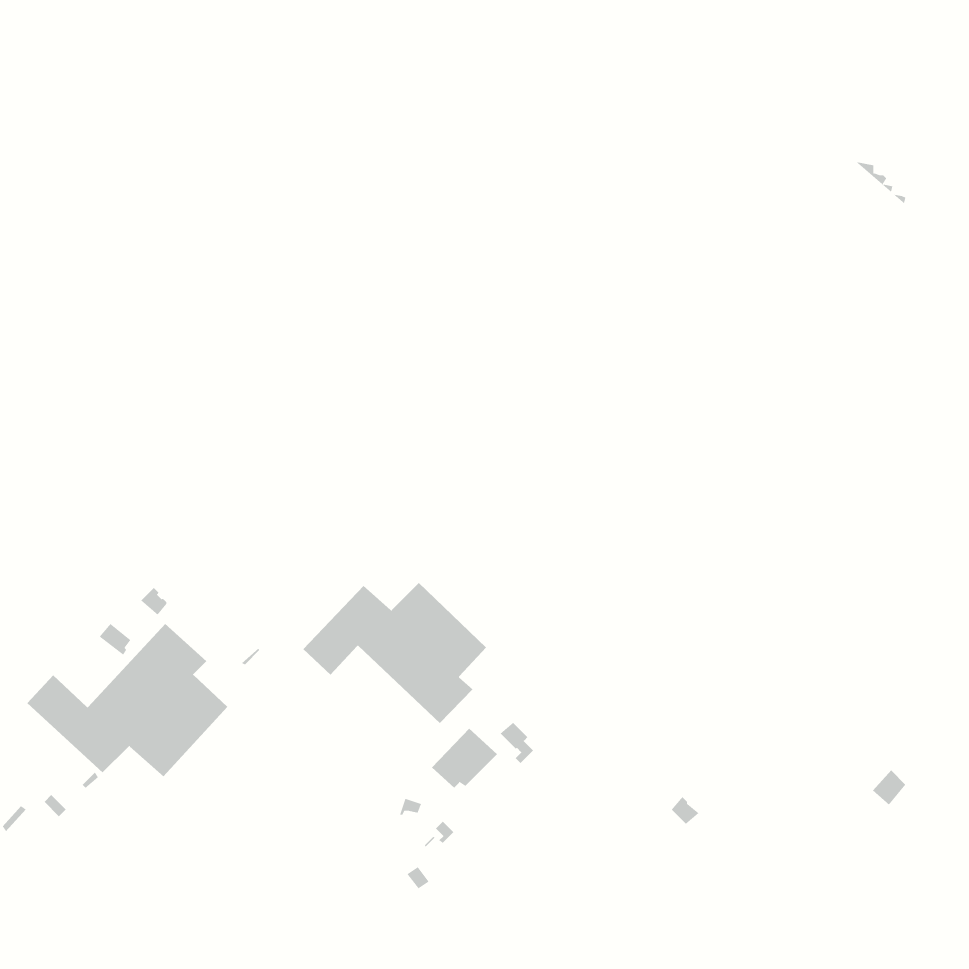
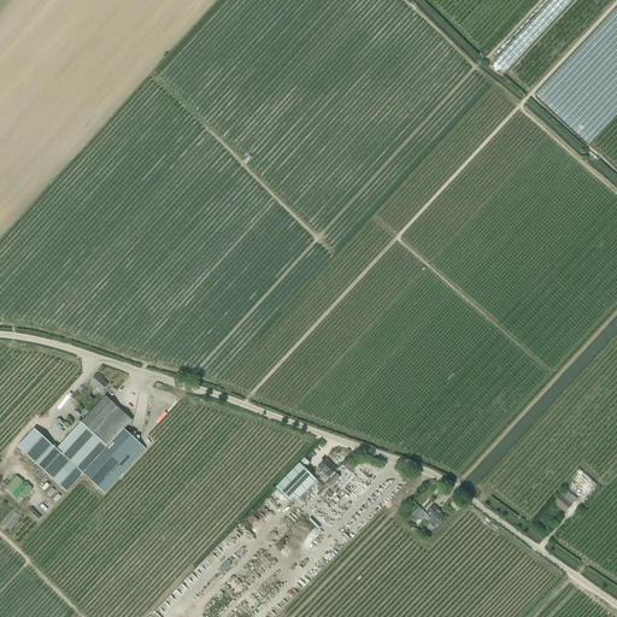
building: [303,582,487,724] -> none

